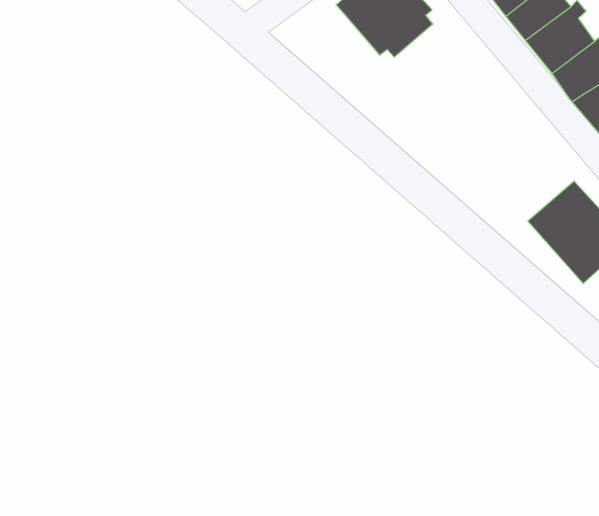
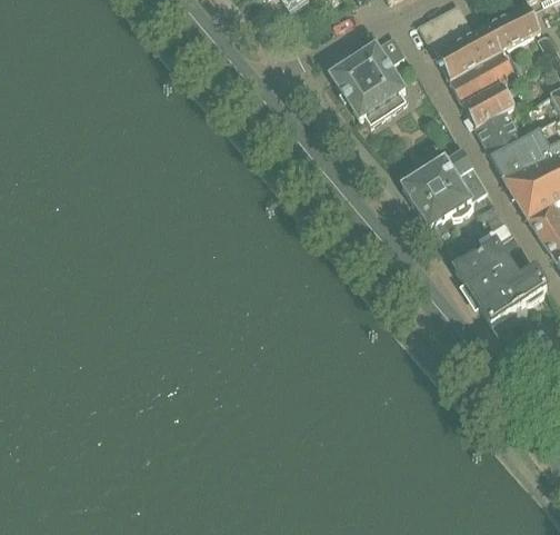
building: none -> [402,147,488,225]

